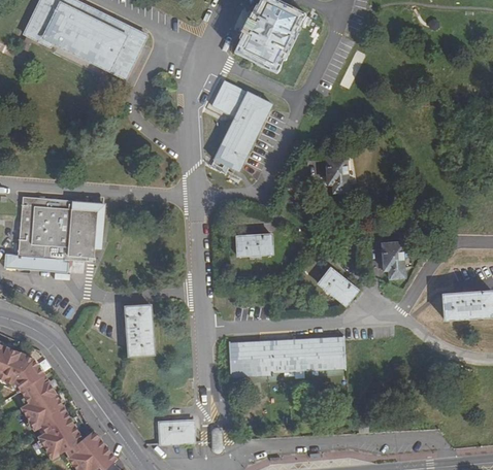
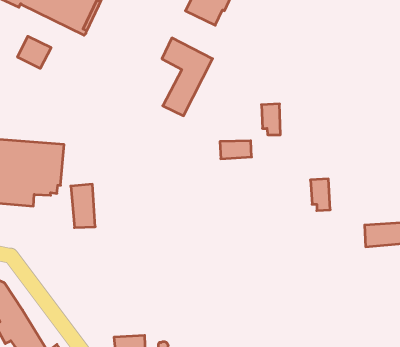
building: none -> [18,36,51,68]
building: [236,234,272,255] -> [220,141,252,159]
building: [318,268,356,304] -> none
building: [125,304,153,354] -> [71,184,95,228]
building: [229,335,343,377] -> none

